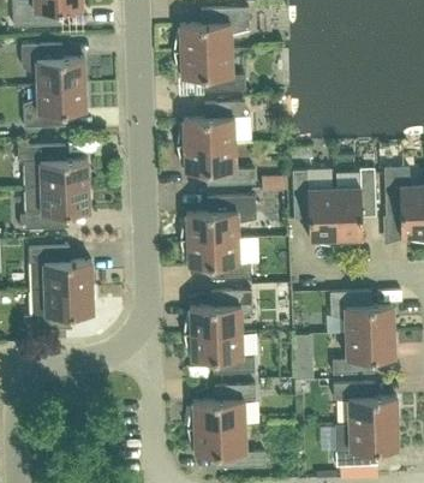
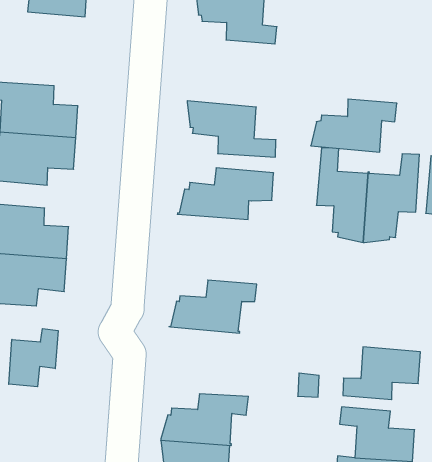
building: [24,84,86,127] -> none
building: [178,101,245,144] -> [311,99,397,152]
building: [180,237,252,279] -> none
building: [330,290,394,332] -> none
building: [184,332,255,374] -> none
building: none -> [9,329,58,387]

